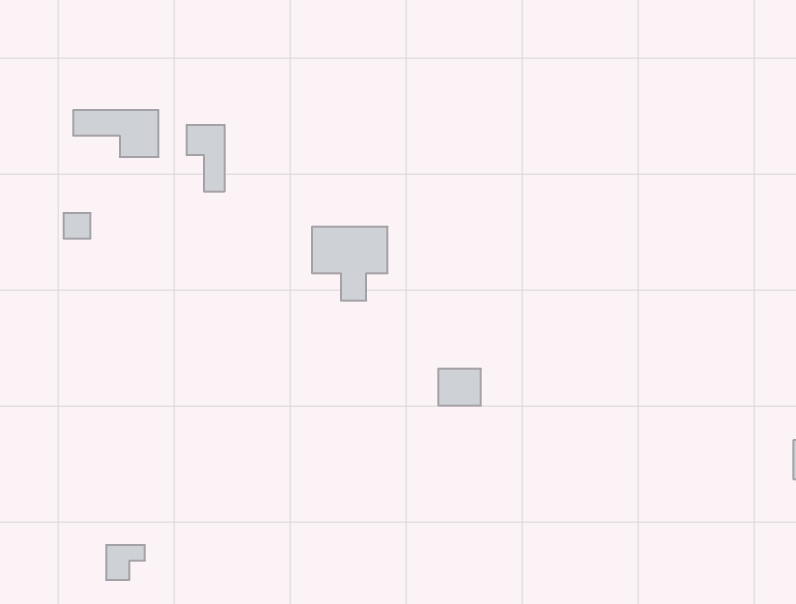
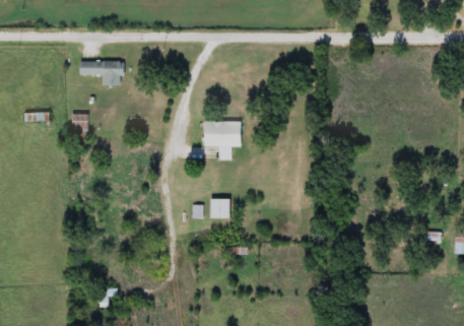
building: [187,125,224,192] -> none
building: [438,369,481,406] -> [209,199,231,218]

